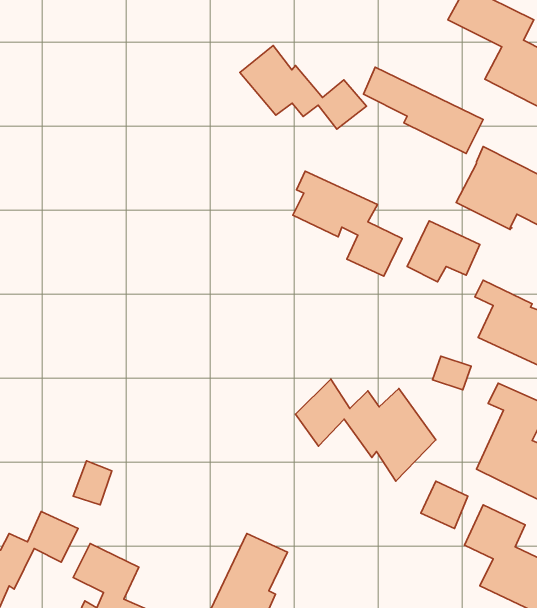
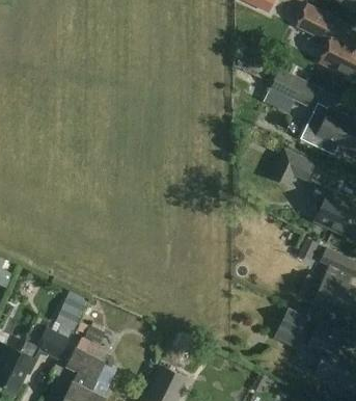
building: [240,45,366,129] -> none
building: [293,171,402,276] -> none
building: [295,379,436,481] -> none

